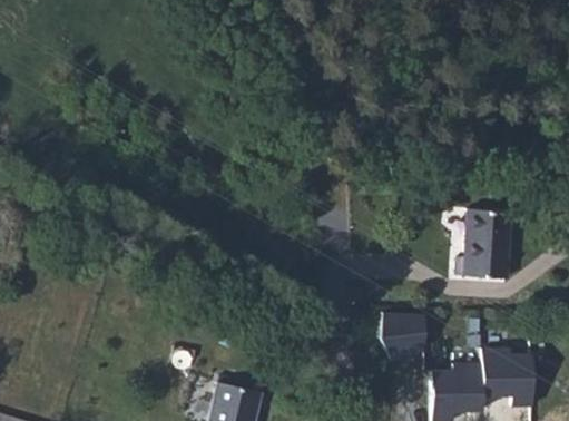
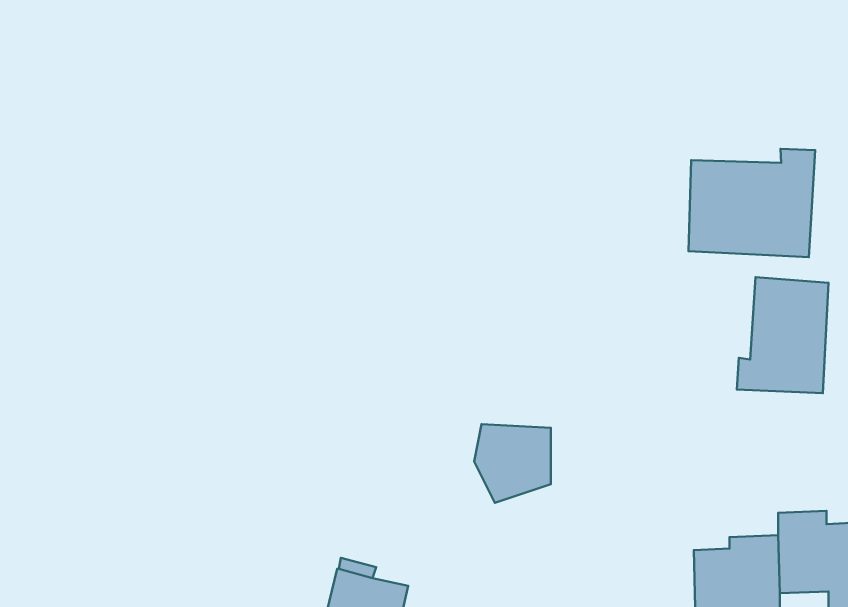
building: none -> [689,149,815,257]
building: [379,313,424,360] -> [474,424,551,503]

